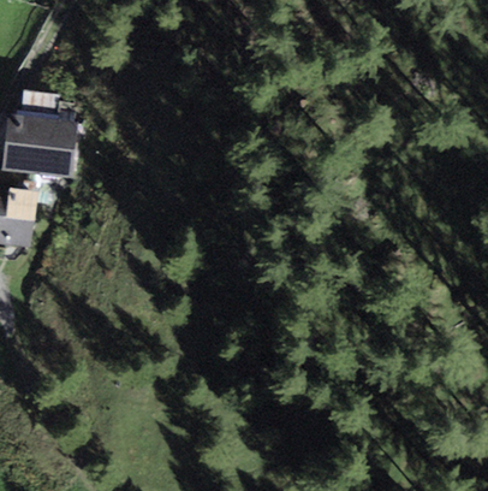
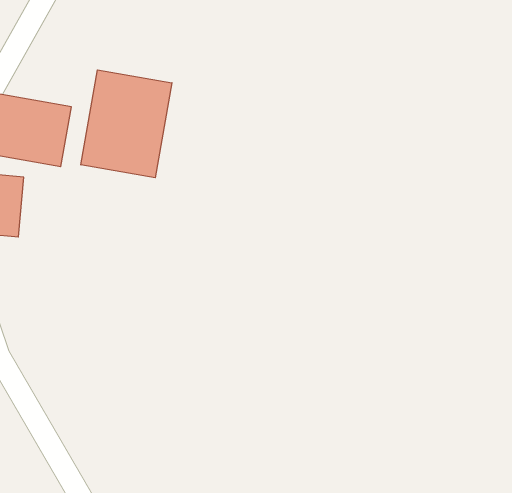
building: none -> [81,70,172,178]

